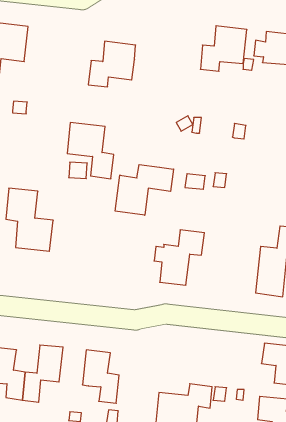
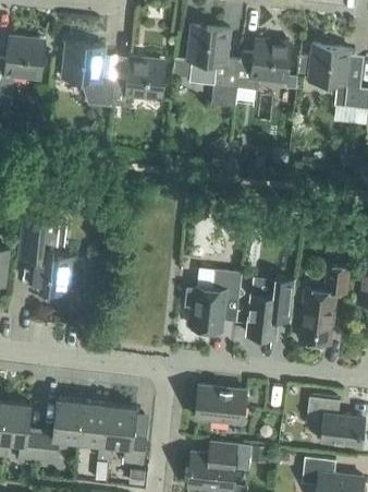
building: none -> [175,25,240,107]
building: [67,123,114,179] -> [62,43,114,106]
building: [115,165,174,215] -> none
building: none -> [246,278,294,338]
building: none -> [195,385,246,423]
building: none -> [78,401,111,460]

